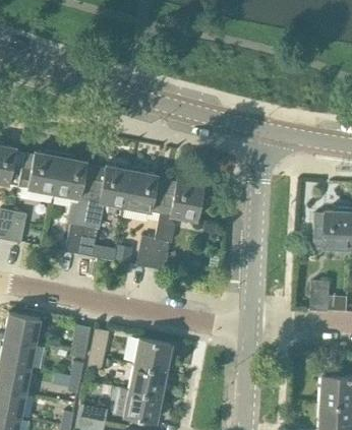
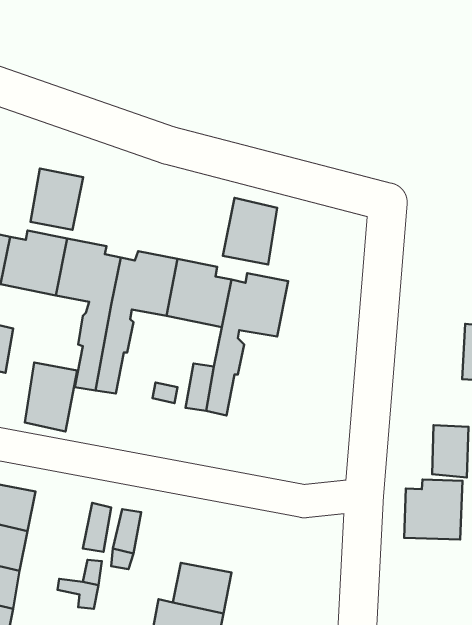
building: none -> [30,168,83,230]
building: none -> [223,198,277,264]
building: none -> [25,363,77,432]
building: none -> [404,479,463,540]
building: [133,339,171,371] -> none

